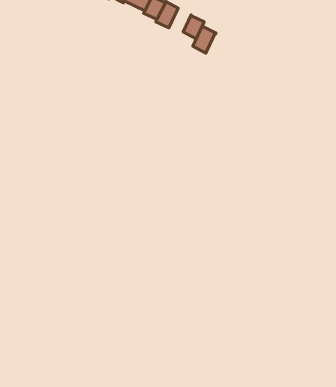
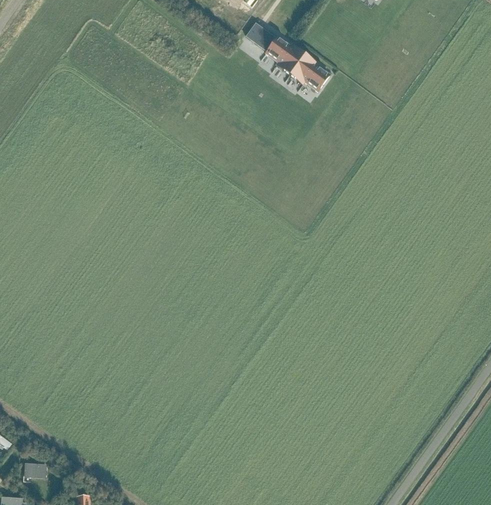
building: [193,26,216,53] -> [291,53,319,83]

